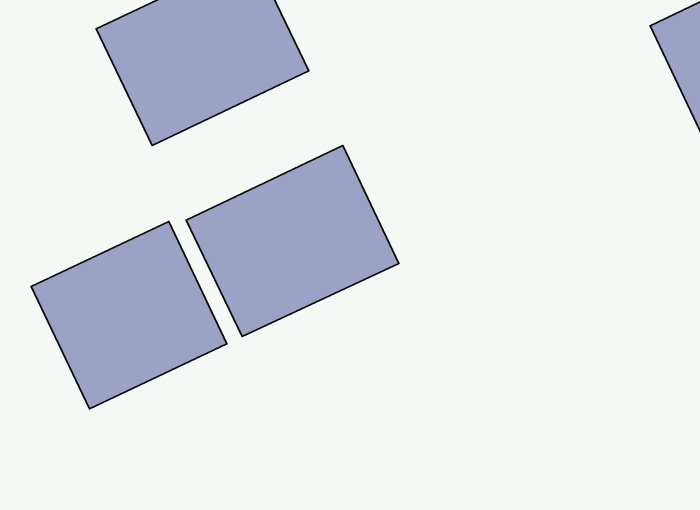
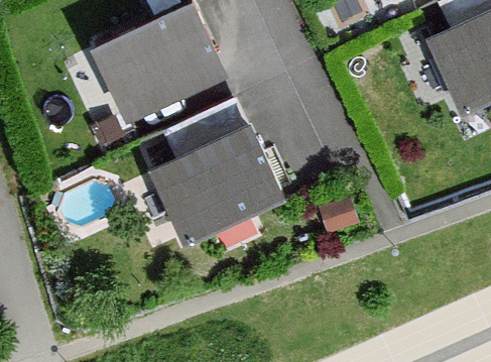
building: [31,221,227,409] -> none

